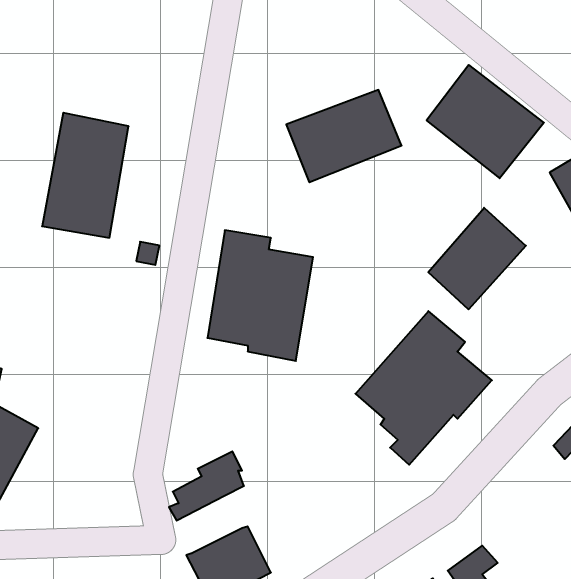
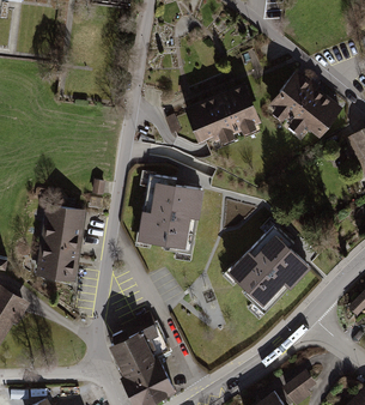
building: [42,113,129,238] -> [34,202,87,280]
building: [428,208,526,309] -> none
building: none -> [115,339,156,375]

